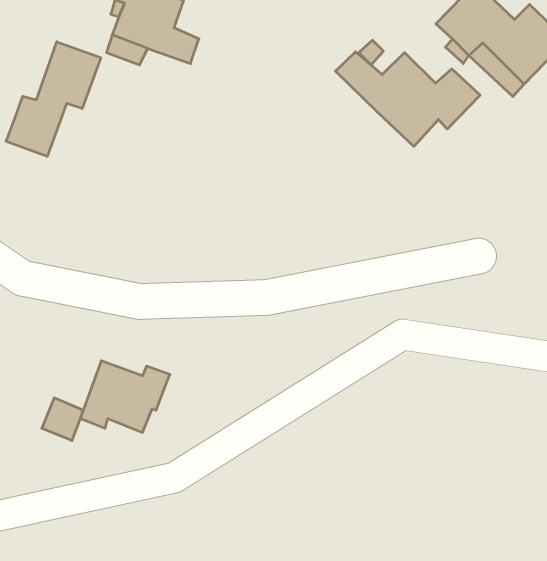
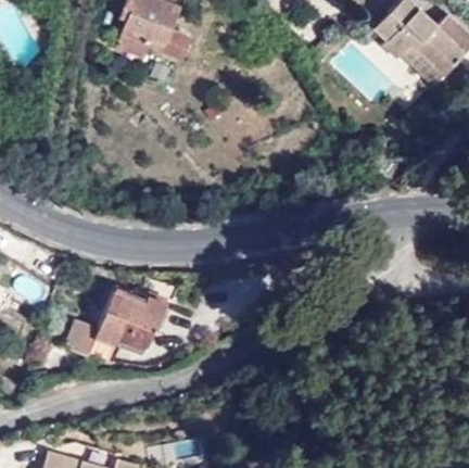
building: [6,42,101,156] -> none
building: [335,52,480,146] -> none

